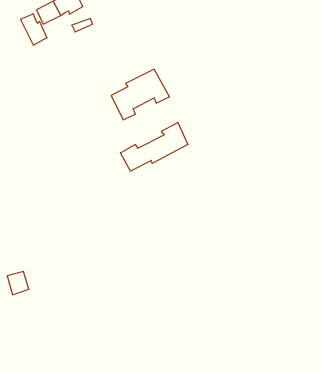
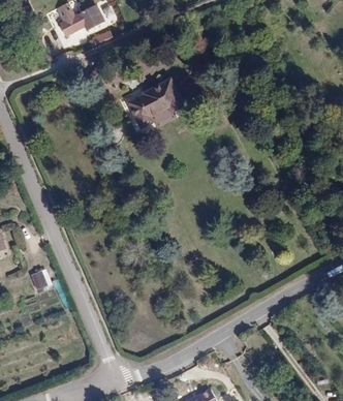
building: [21,14,47,45] -> none
building: [120,122,188,171] -> none

